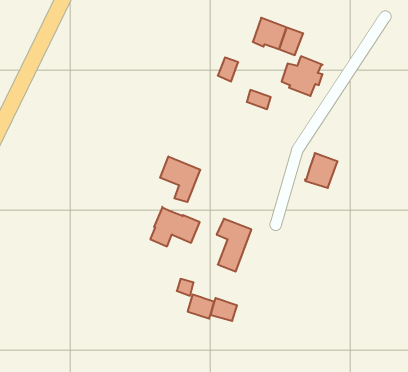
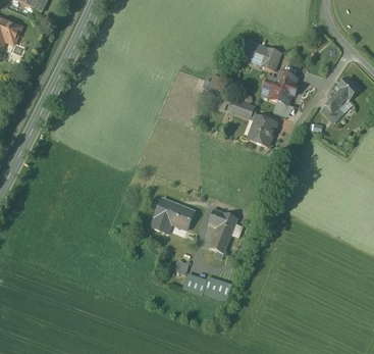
building: none -> [326,77,360,113]
building: [305,153,338,188] -> [249,116,276,146]
building: [160,156,200,202] -> none

